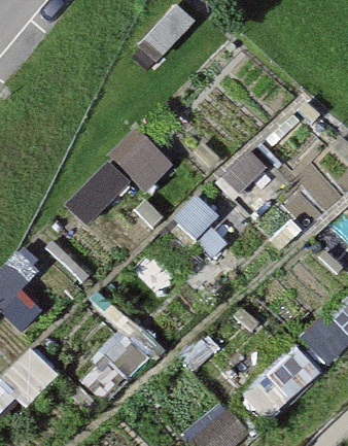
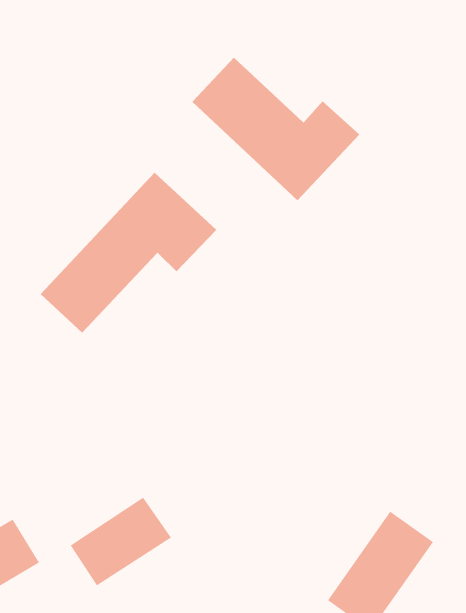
building: none -> [191,57,360,201]

